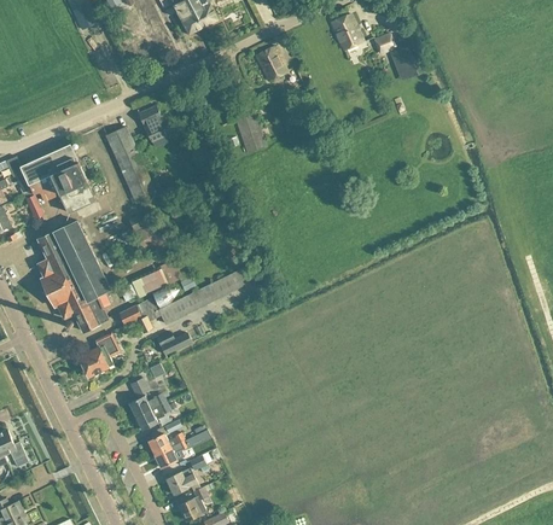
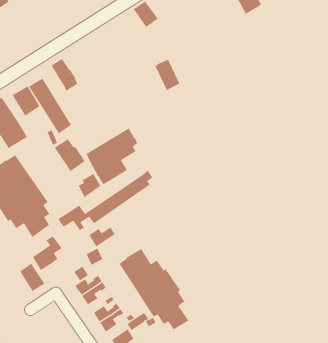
building: [234,112,264,153] -> [154,59,180,91]
building: none -> [12,85,40,117]
building: none -> [86,127,138,185]
building: none -> [19,263,45,292]
building: none -> [119,248,189,330]

